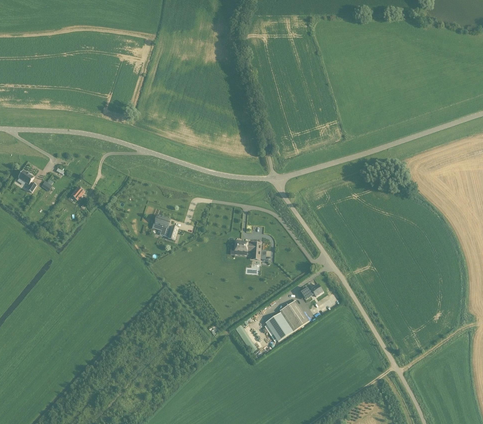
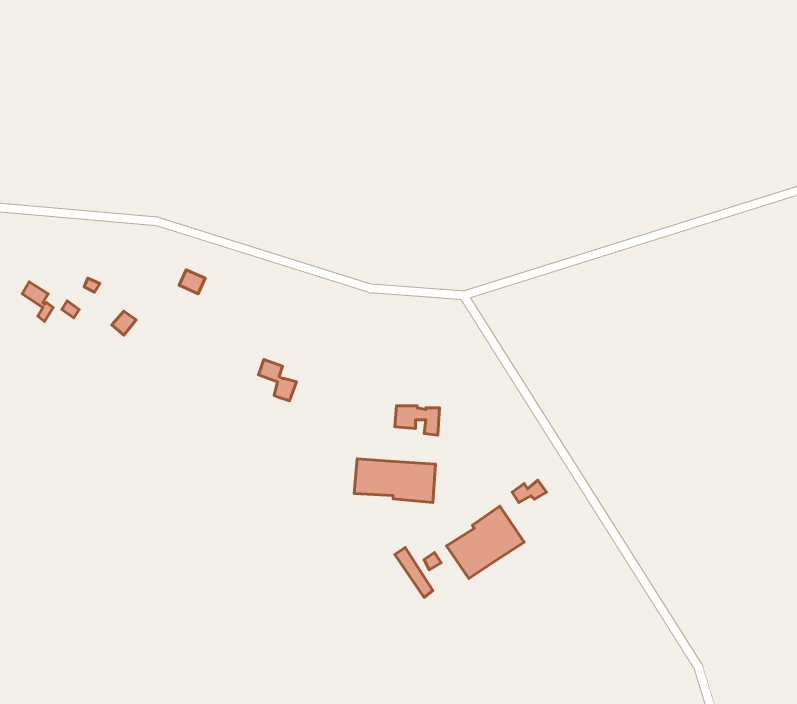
building: none -> [354,459,436,502]

